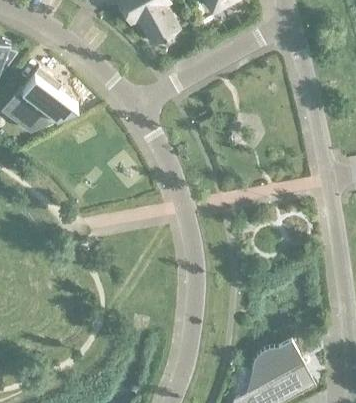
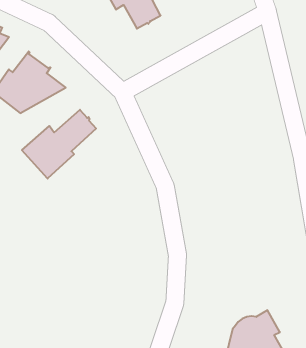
building: none -> [22,110,96,179]

